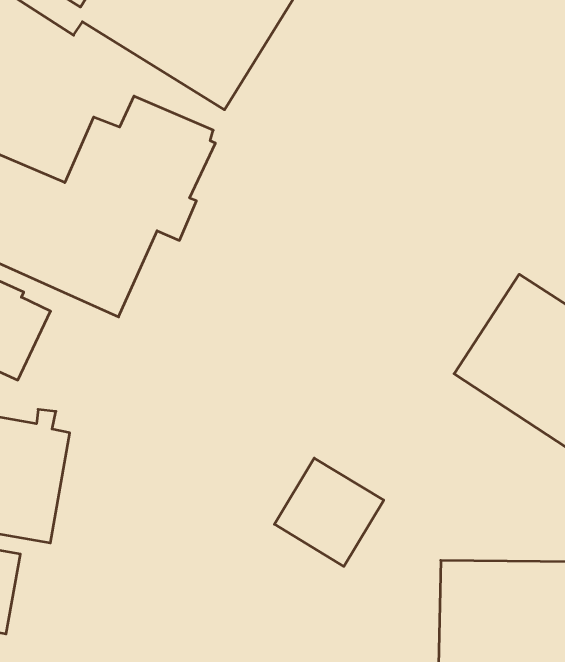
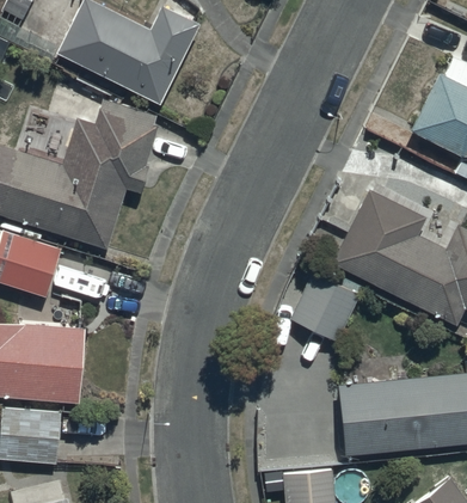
building: [274,458,384,566] -> [289,275,360,344]

